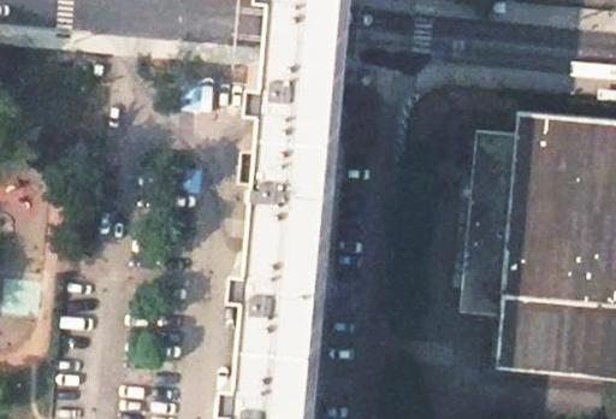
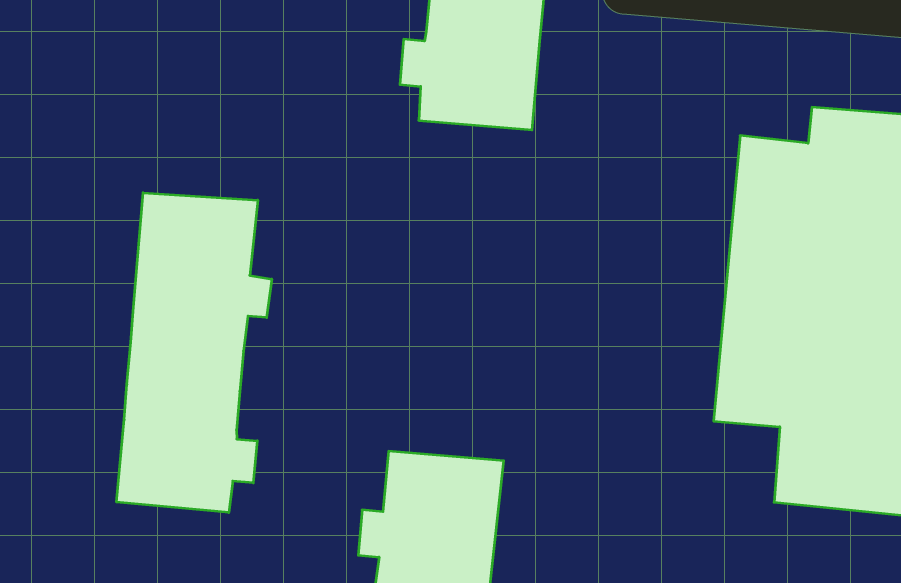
building: [239,122,340,338] -> none
building: none -> [117,193,272,513]

